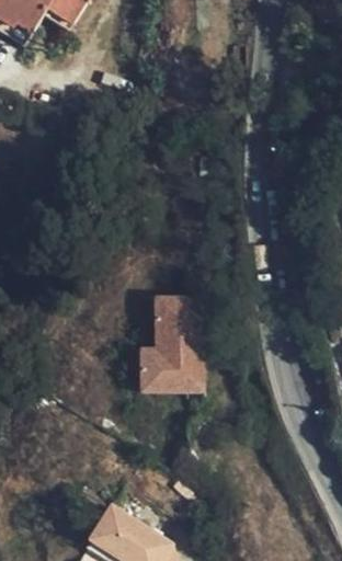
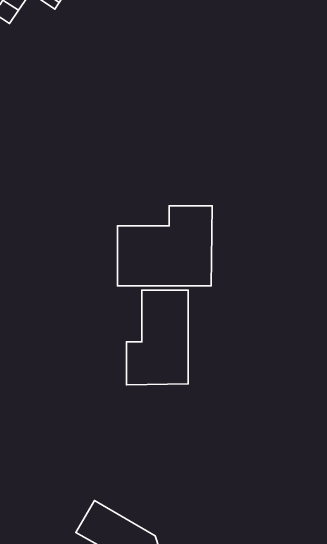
building: none -> [117,206,212,286]

